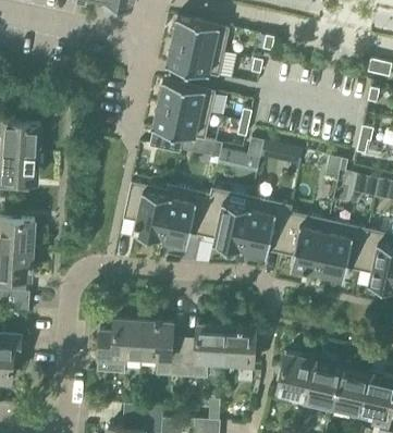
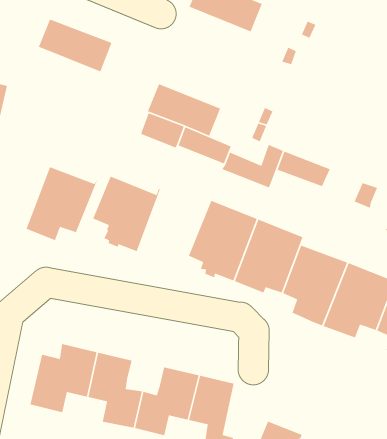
building: [167,41,224,77] -> none
building: [158,81,216,116] -> [38,18,112,73]
building: [162,187,213,245] -> [26,166,99,241]

